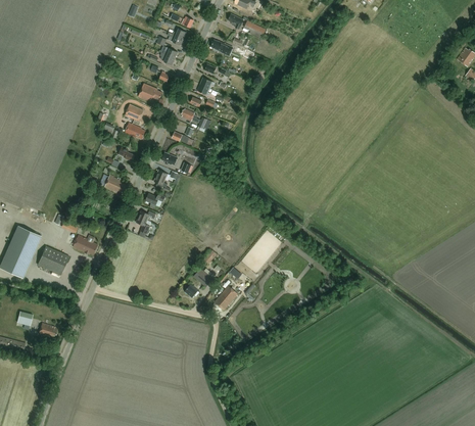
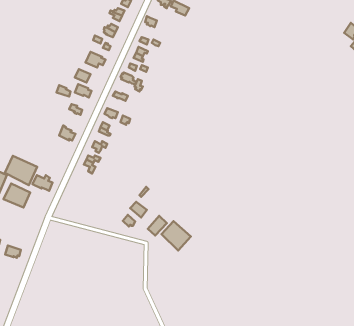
building: none -> [5,156,37,185]
building: none -> [161,221,191,251]

